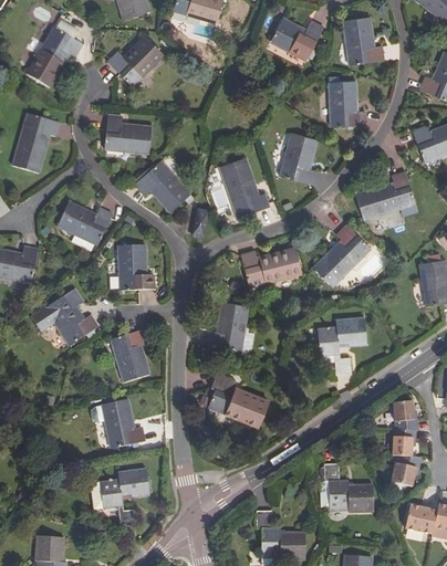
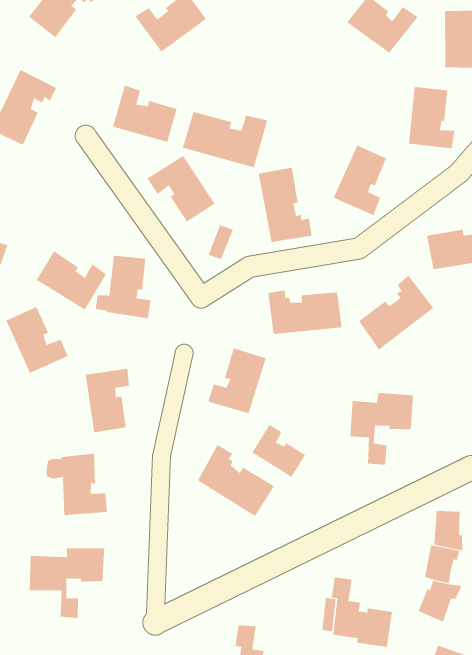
building: none -> [182,111,268,168]
building: [59,201,112,243] -> [36,250,107,311]
building: none -> [252,424,306,478]

